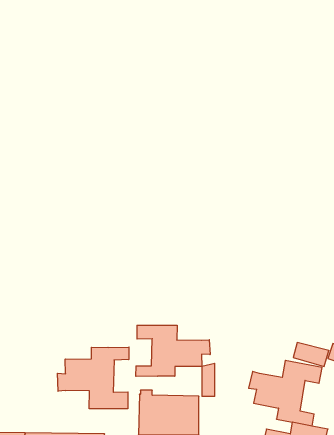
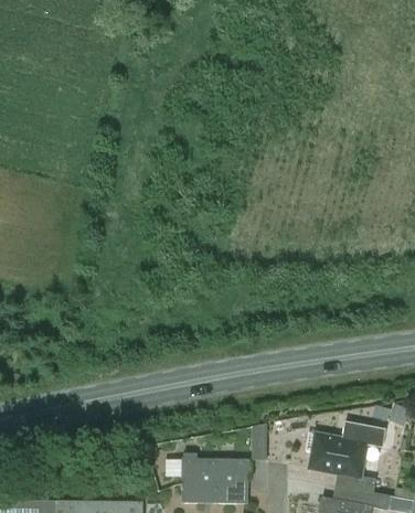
building: [136,325,210,376] -> none
building: [57,347,129,409] -> none

